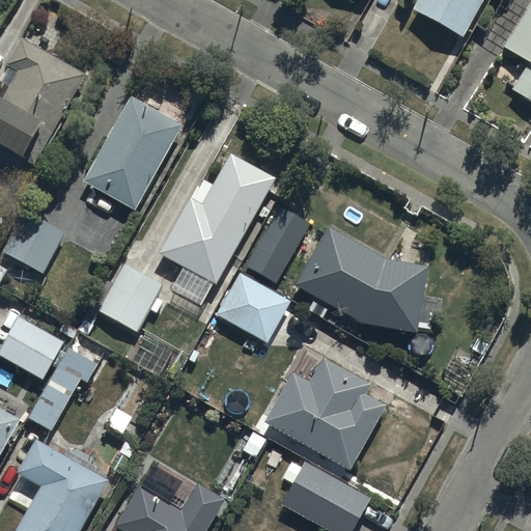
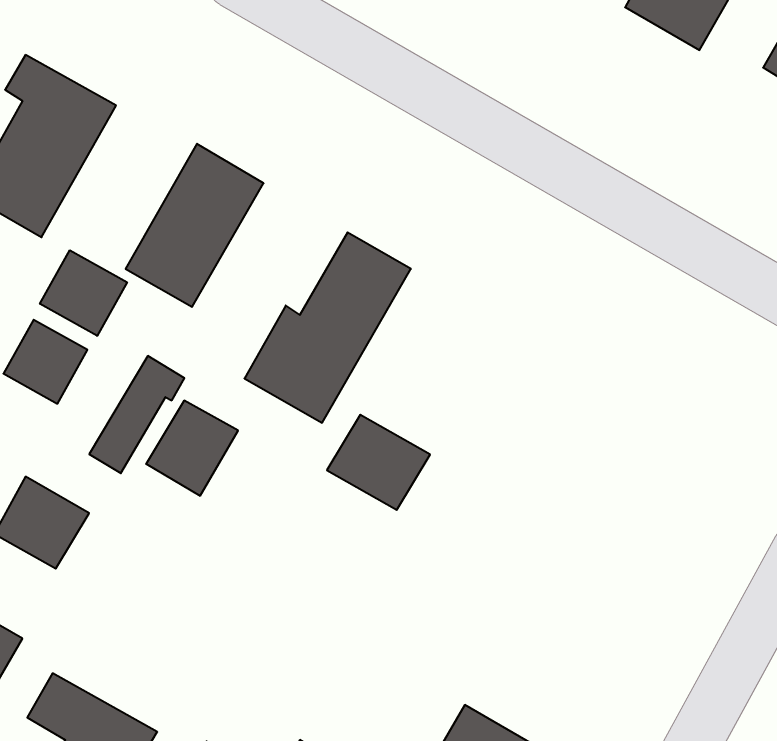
building: none -> [40,250,127,336]
building: [247,206,306,279] -> none
building: [300,230,424,330] -> none
building: [33,347,95,424] -> [89,356,184,473]
building: [267,362,382,469] -> none

